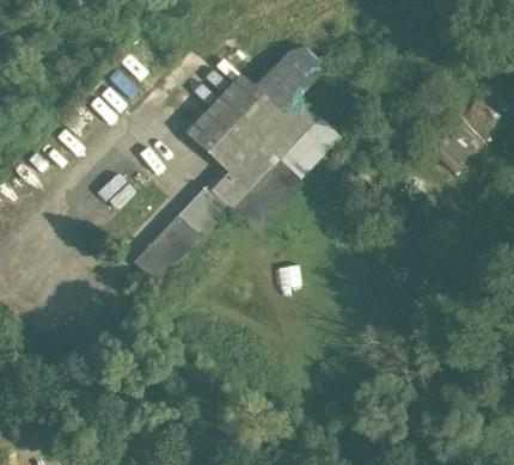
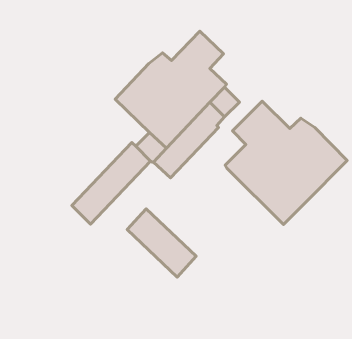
building: none -> [225,101,347,225]
building: none -> [127,209,196,277]

